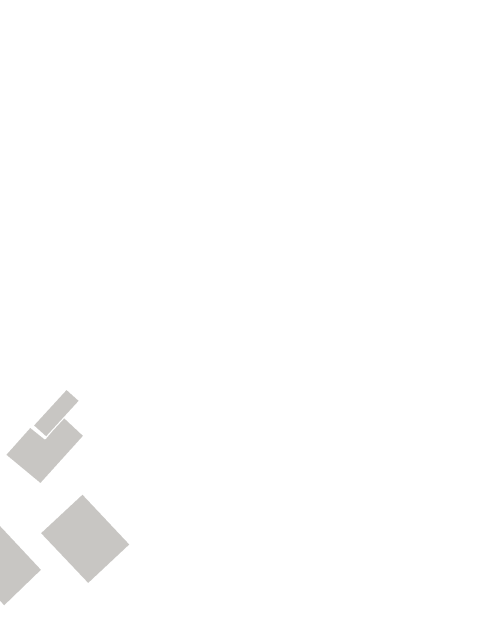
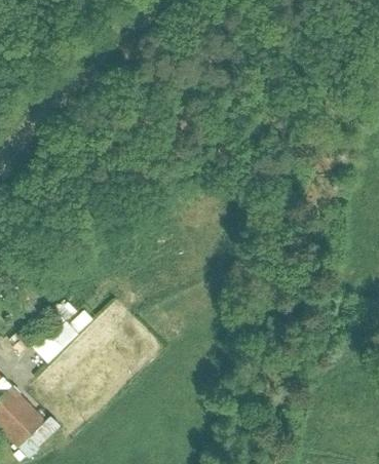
building: [40,494,130,584] -> none

